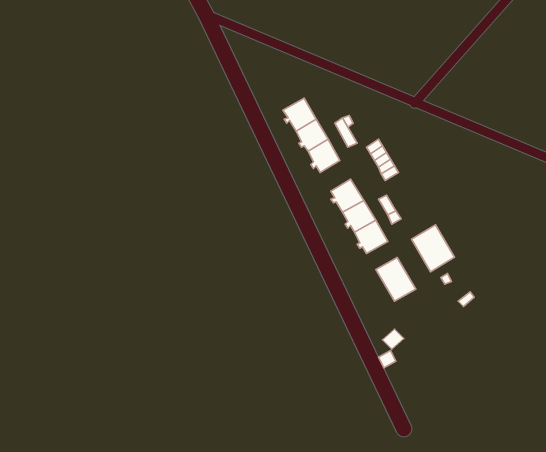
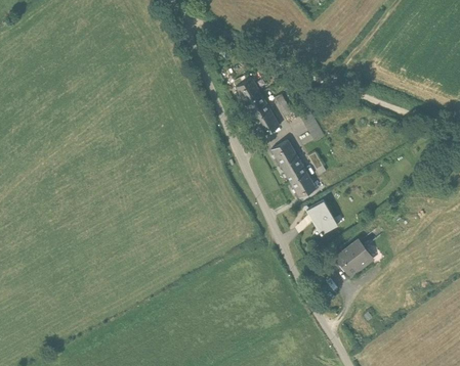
building: [411,225,455,272] -> none
building: none -> [336,239,373,275]

